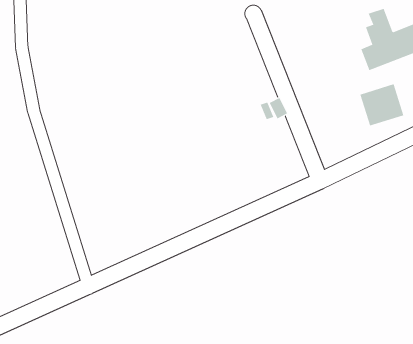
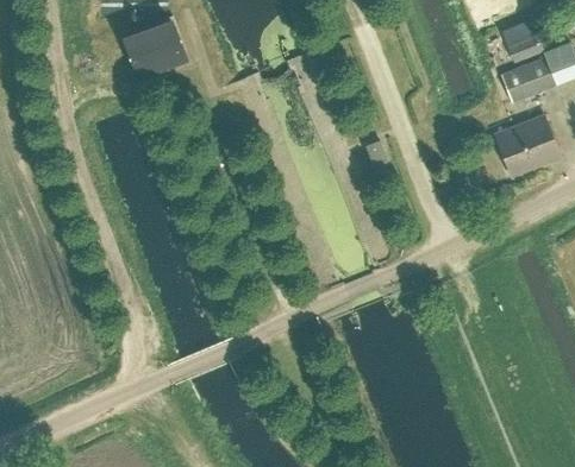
building: none -> [123,21,186,78]

